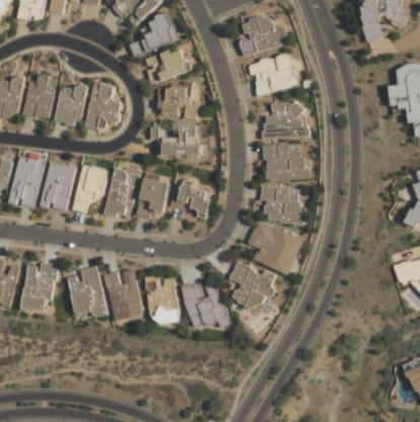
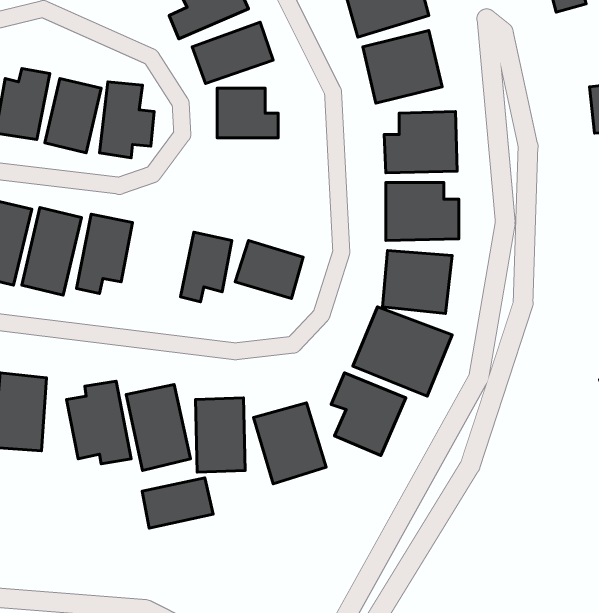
building: [152,125,200,156] -> none
building: [104,165,139,219] -> none
building: none -> [142,478,213,528]

